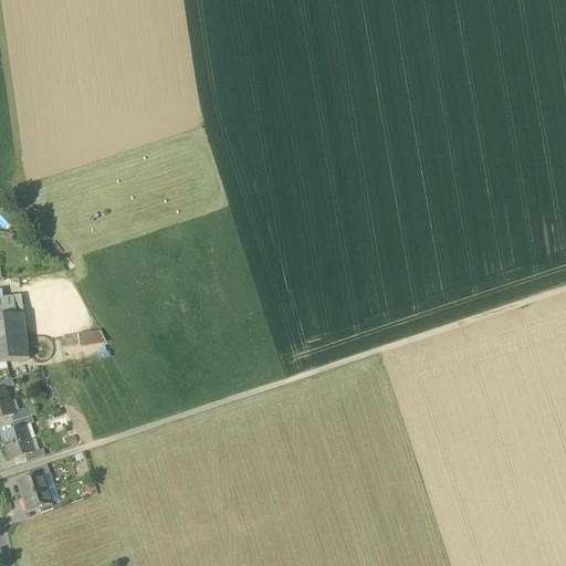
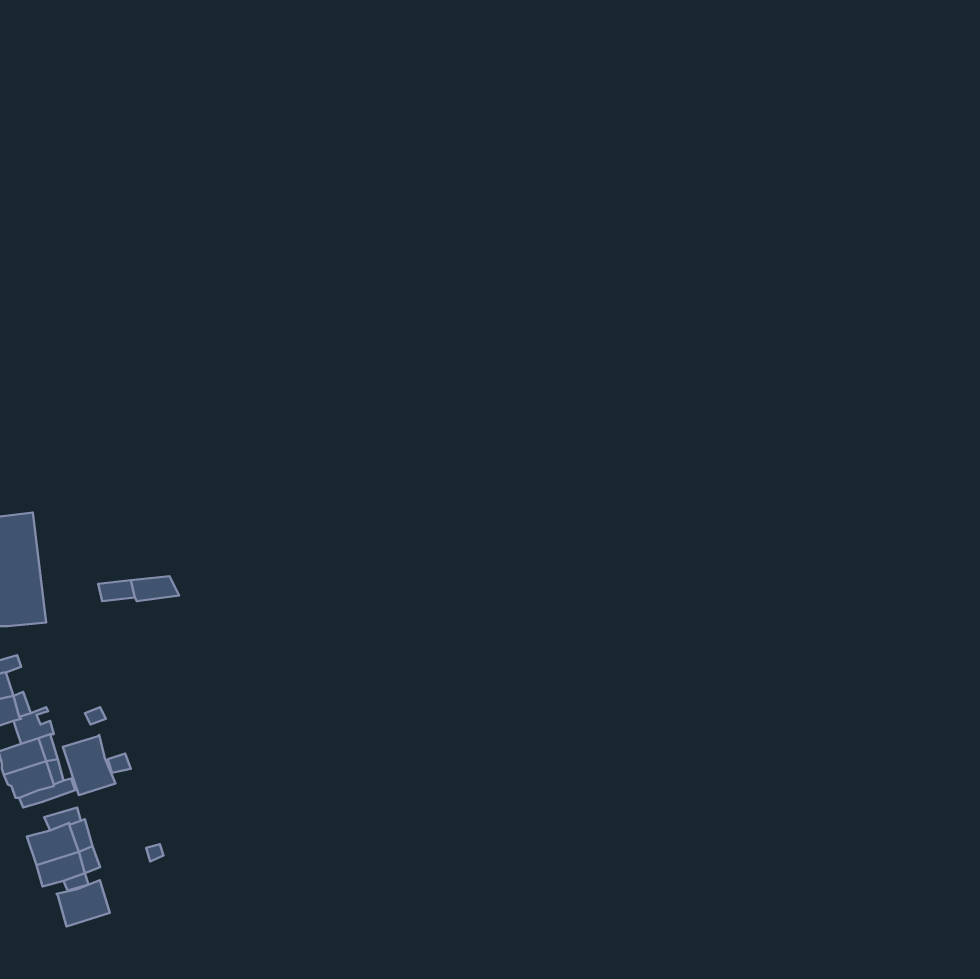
building: none -> [63,735,115,795]
building: none -> [57,880,110,927]

